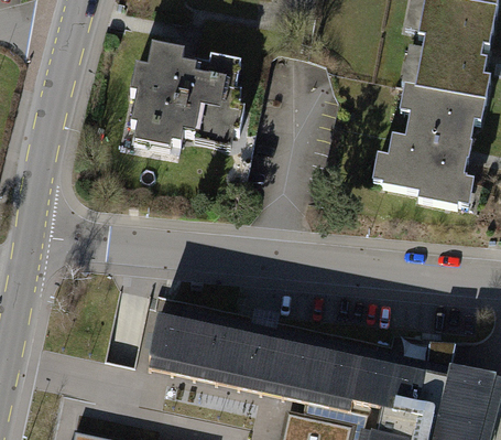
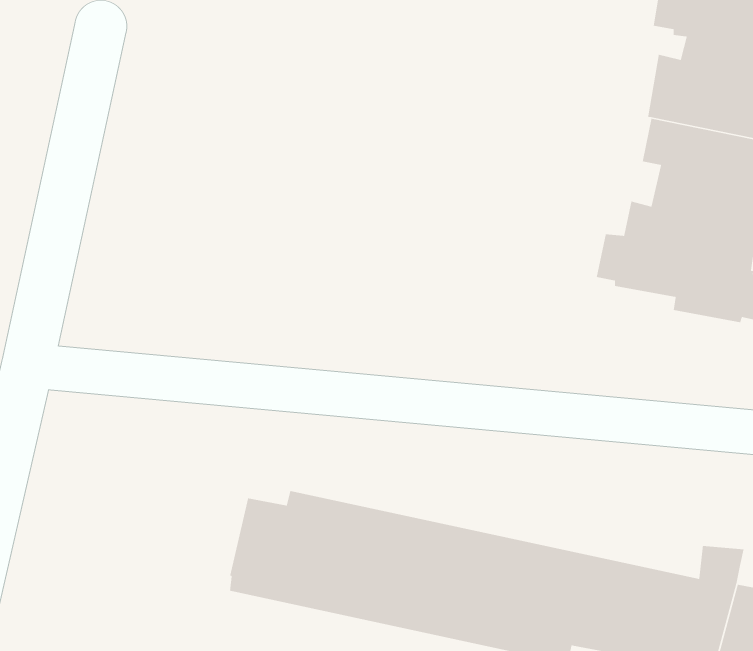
building: [128,47,243,153] -> none

